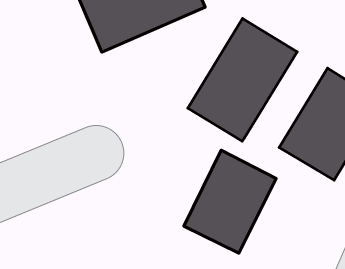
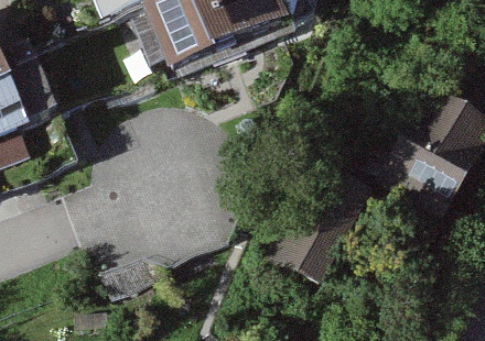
building: [188,19,297,141] -> none

